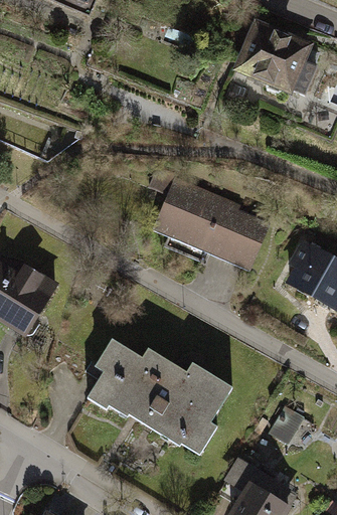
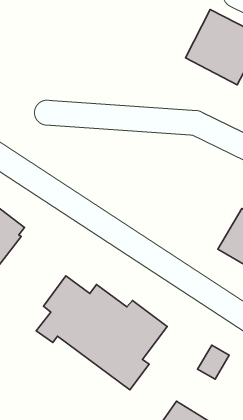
building: [149,174,272,274] -> none

